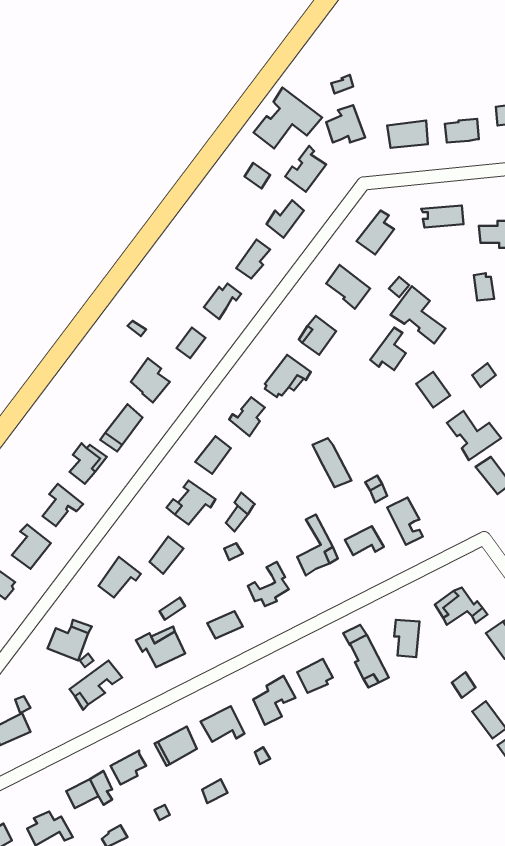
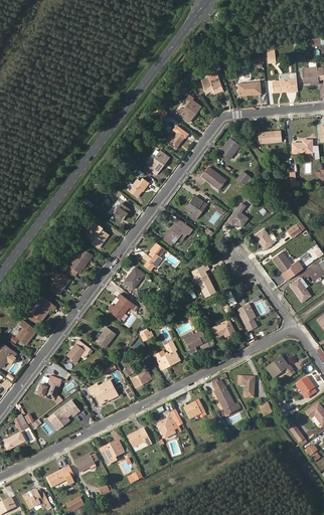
building: [253,88,322,149] -> none
building: [391,286,445,344] -> none

